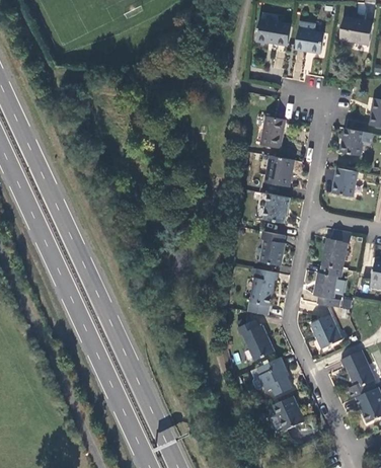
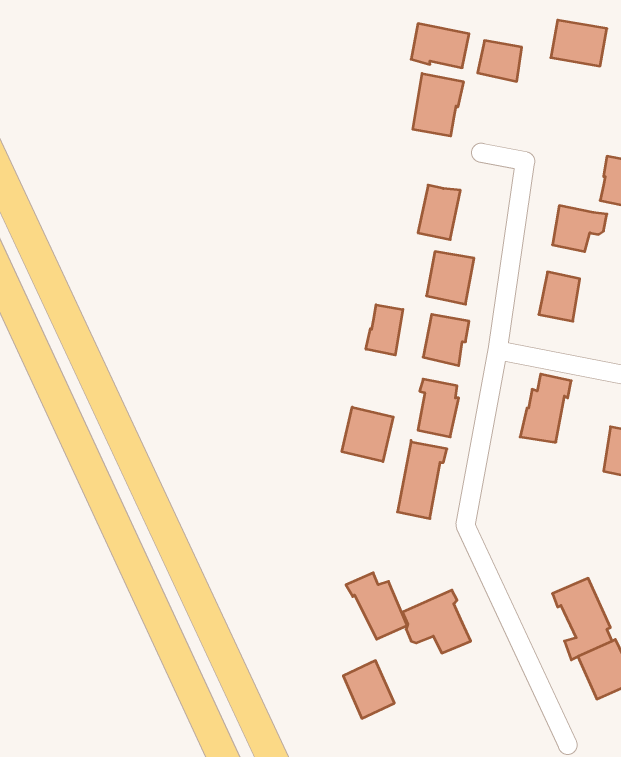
building: none -> [413,73,463,136]
building: none -> [366,305,403,355]
building: none -> [342,407,393,462]
building: [313,264,340,306] -> none
building: [309,314,340,347] -> none
building: [236,319,273,359] -> [346,573,407,639]
building: [273,395,303,430] -> [343,661,394,718]

